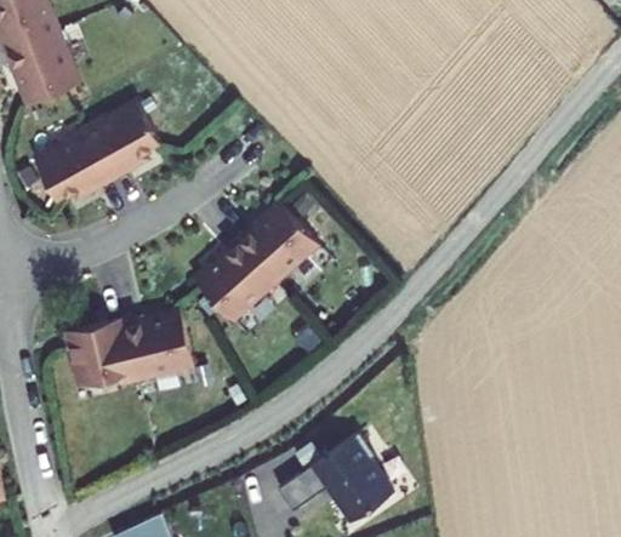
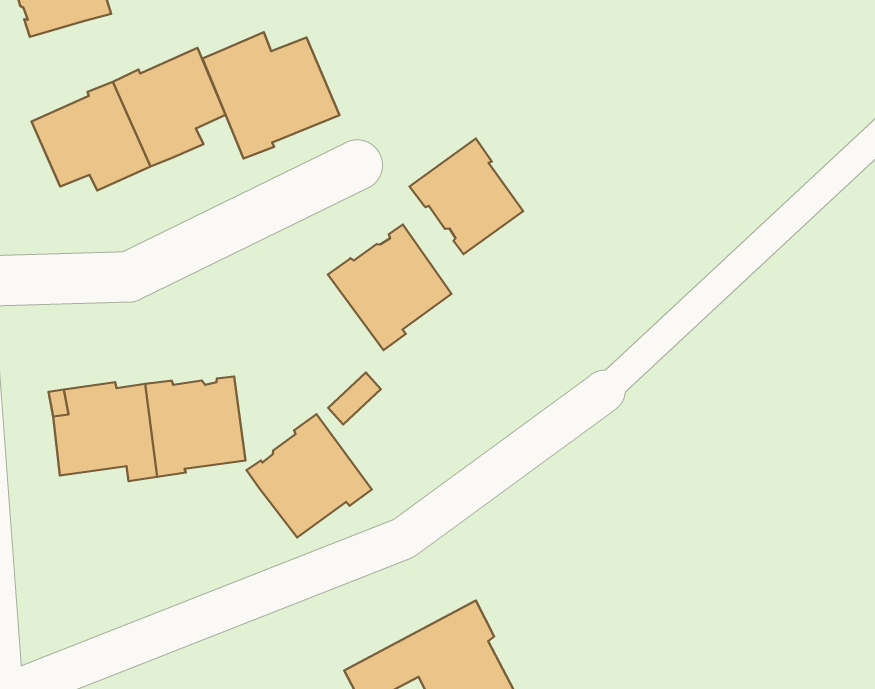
building: none -> [203,32,340,158]
building: none -> [410,138,523,254]
building: [195,236,278,318] -> [247,414,372,538]

